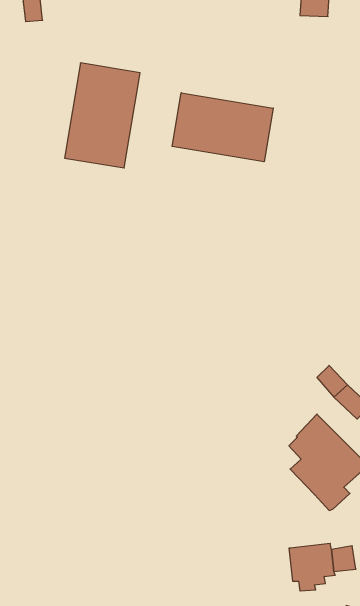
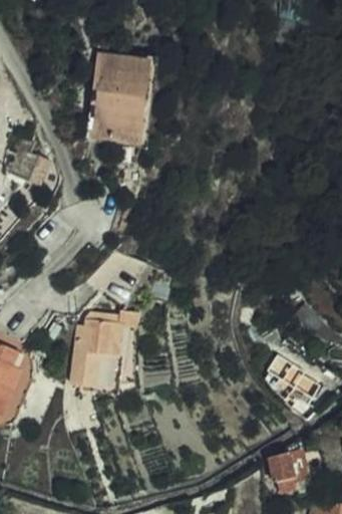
building: [172,93,273,162] -> none
building: none -> [70,309,136,395]

